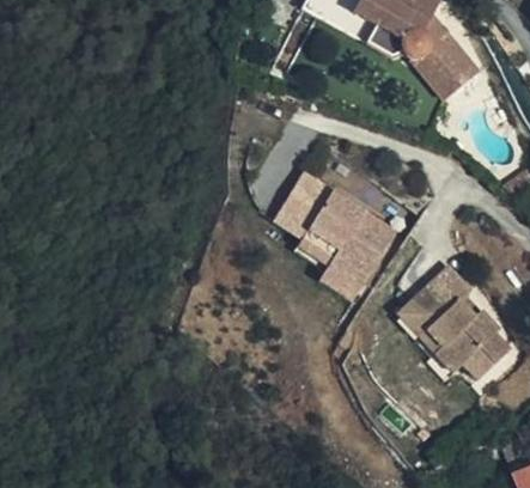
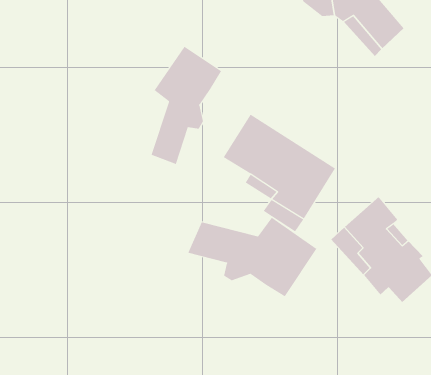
building: none -> [151,46,222,165]
building: none -> [187,217,317,297]

